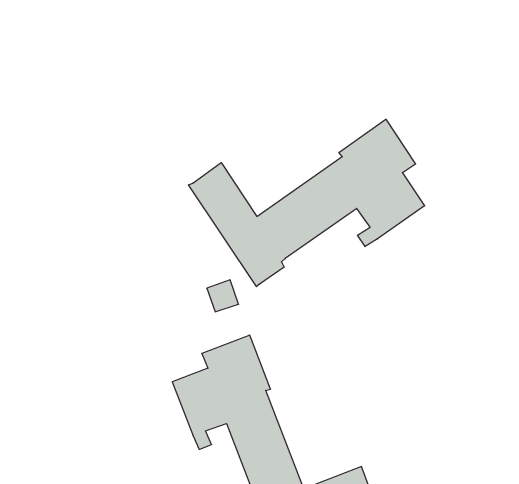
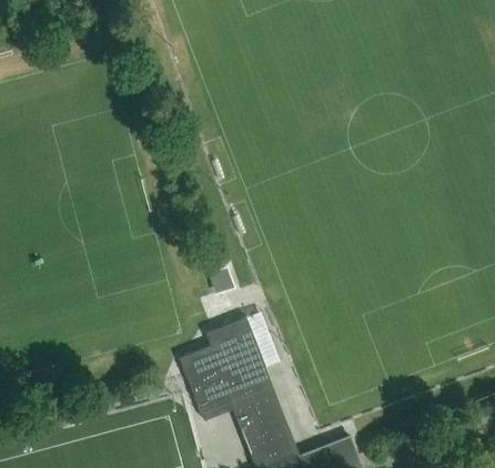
building: [189,119,425,287] -> none

